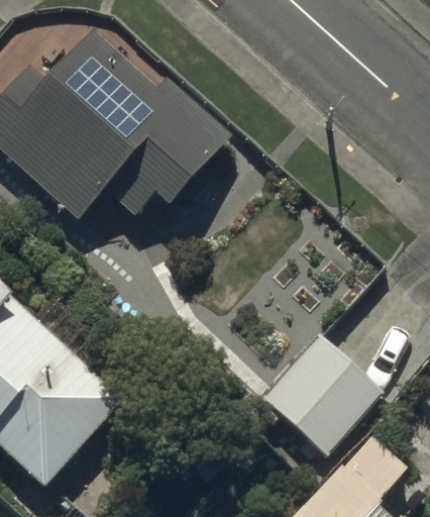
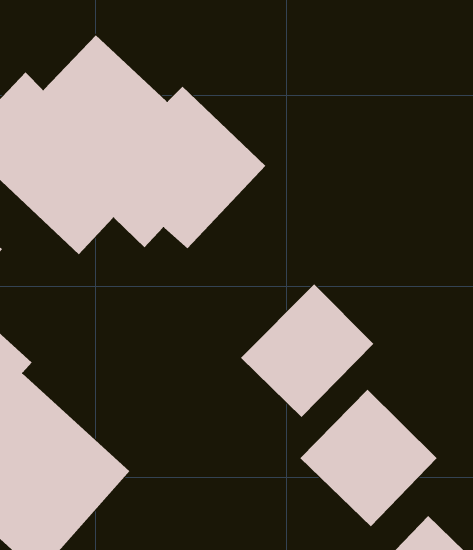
building: none -> [240,284,374,418]

